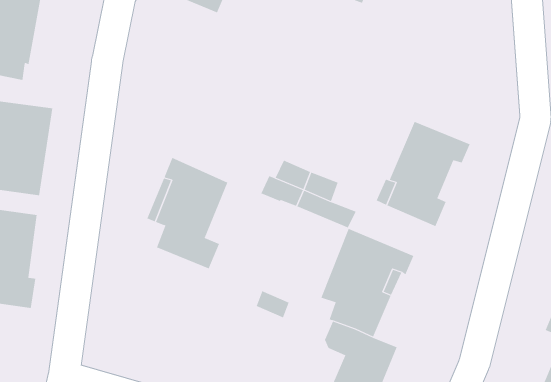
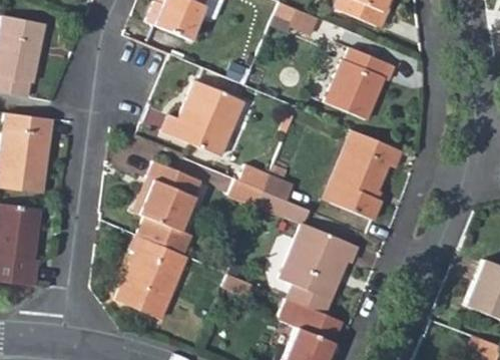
building: none -> [325,47,396,119]
building: none -> [165,80,244,155]
building: none -> [119,237,188,320]

